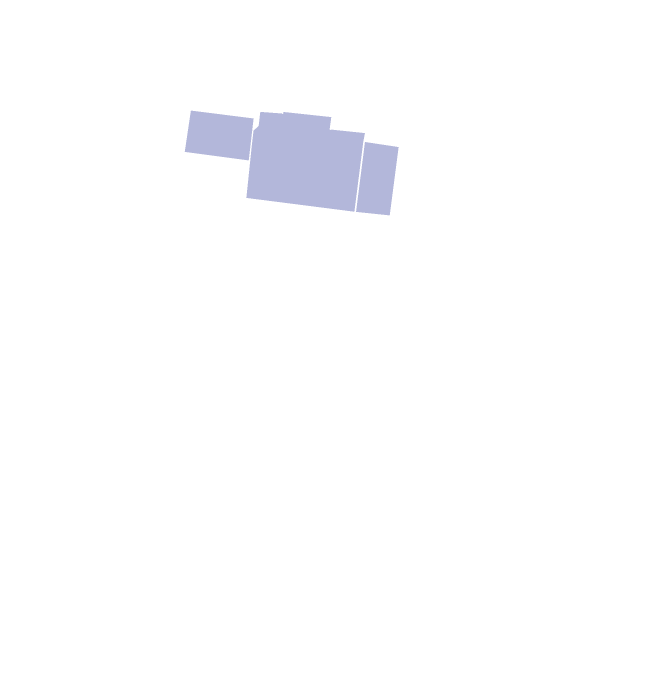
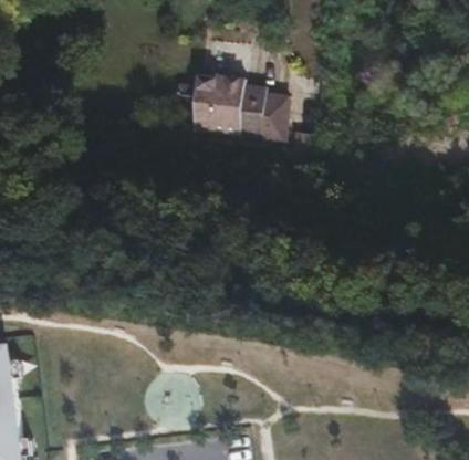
building: [184,110,254,161] -> none

